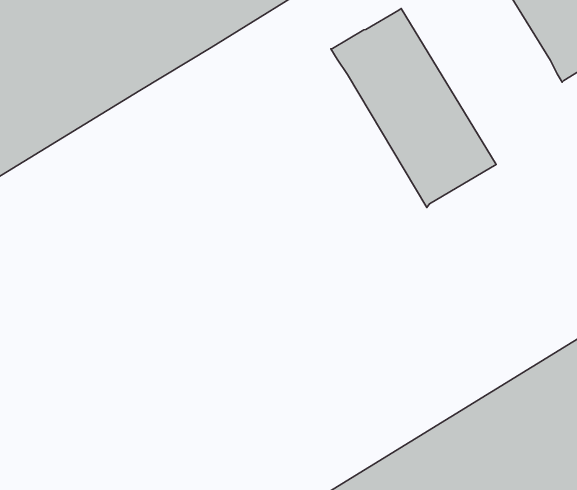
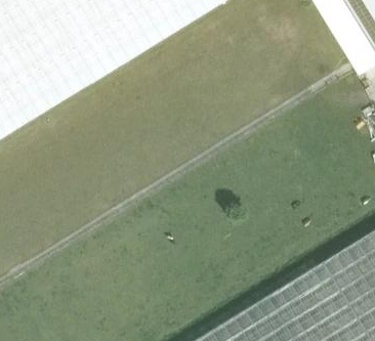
building: [331,8,496,207] -> none

